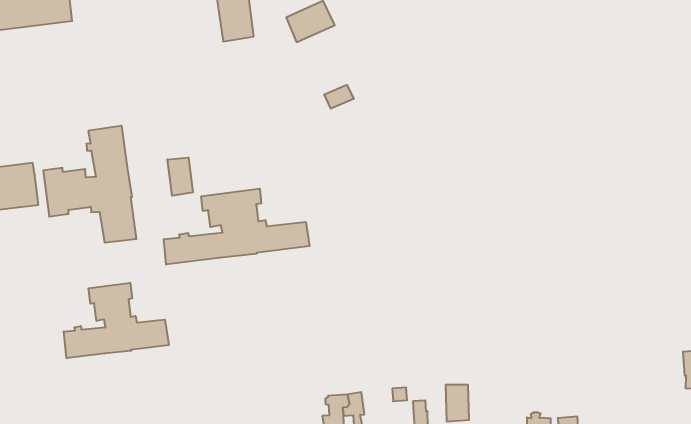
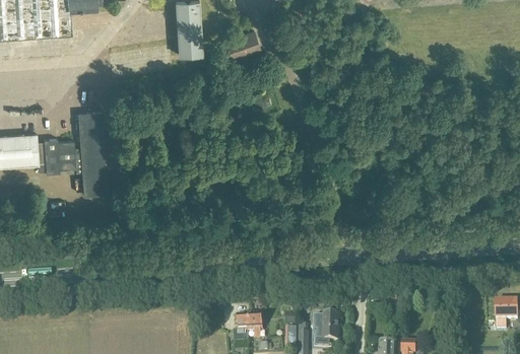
building: [167,157,193,196] -> none
building: [164,189,310,265] -> none
building: [64,283,169,358] -> none

